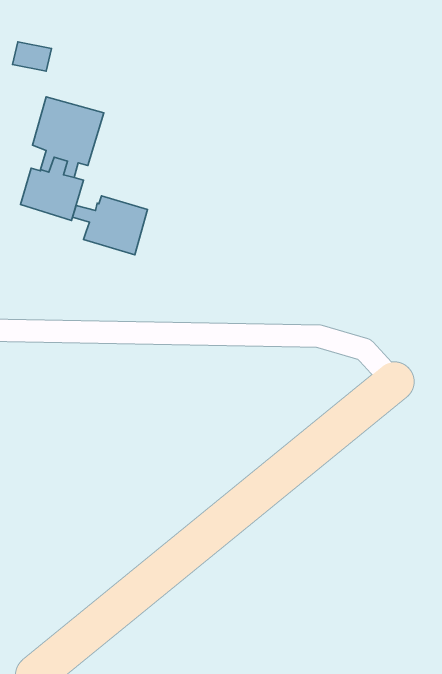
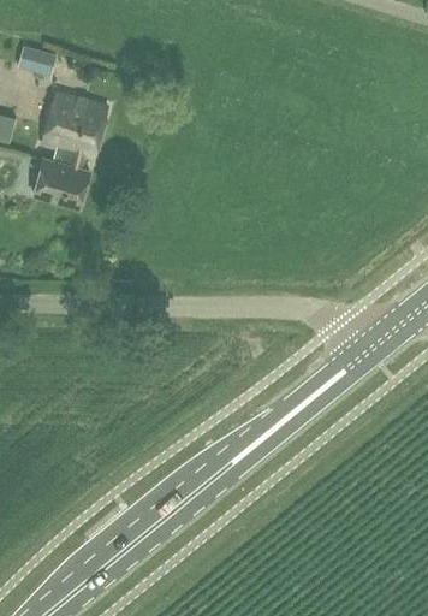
building: [73,196,147,255] -> none

